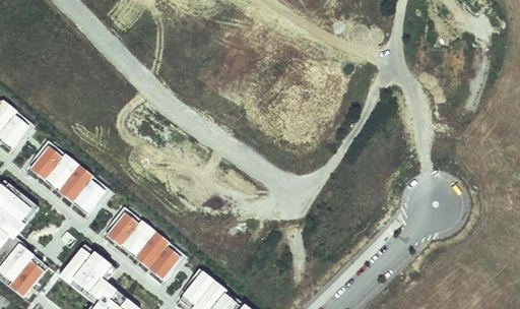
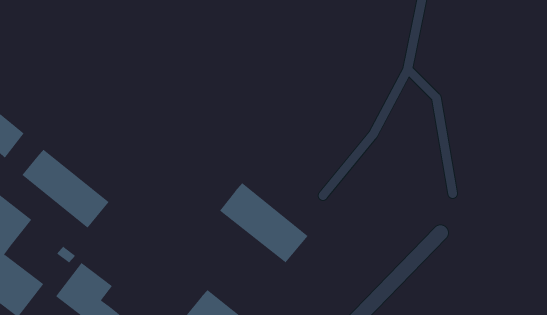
building: [103,206,186,282] -> [219,183,309,263]

